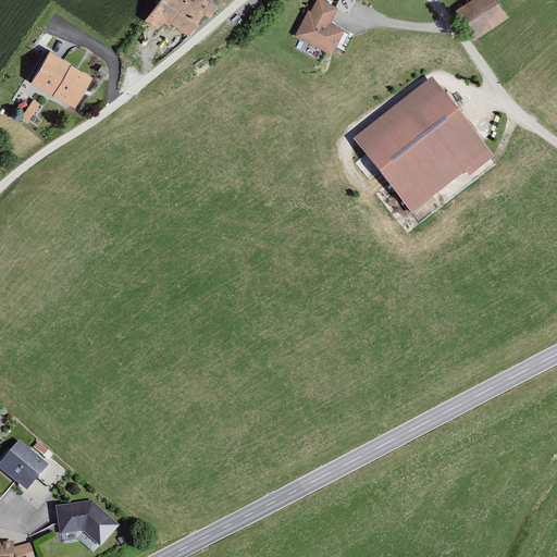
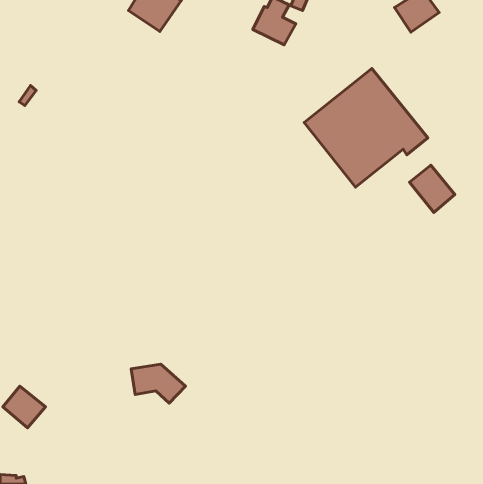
building: [30,49,91,104] -> none
building: none -> [410,165,455,213]
building: [64,500,126,545] -> [131,364,185,403]

